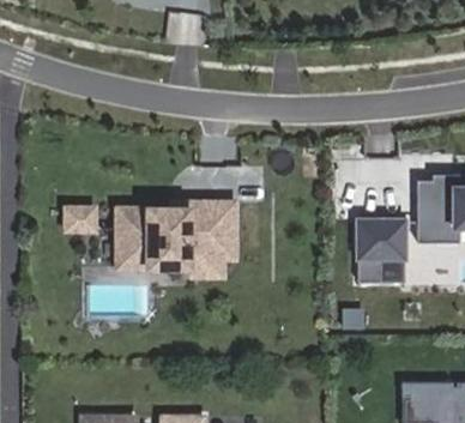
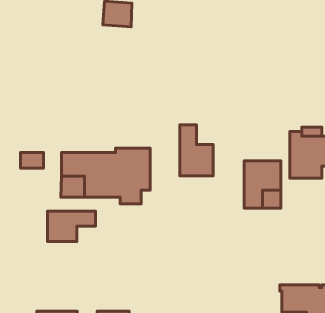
building: none -> [180,125,213,176]
building: none -> [47,211,95,241]

